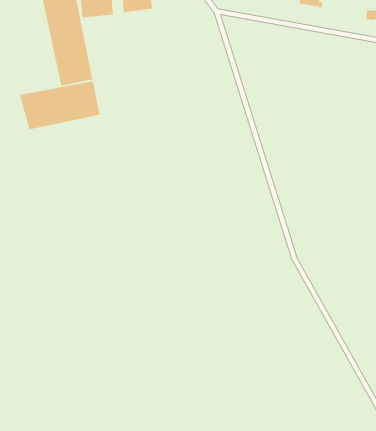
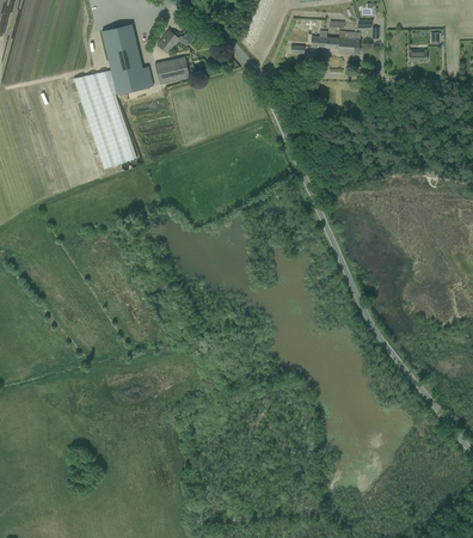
building: [19,80,101,130] -> none

